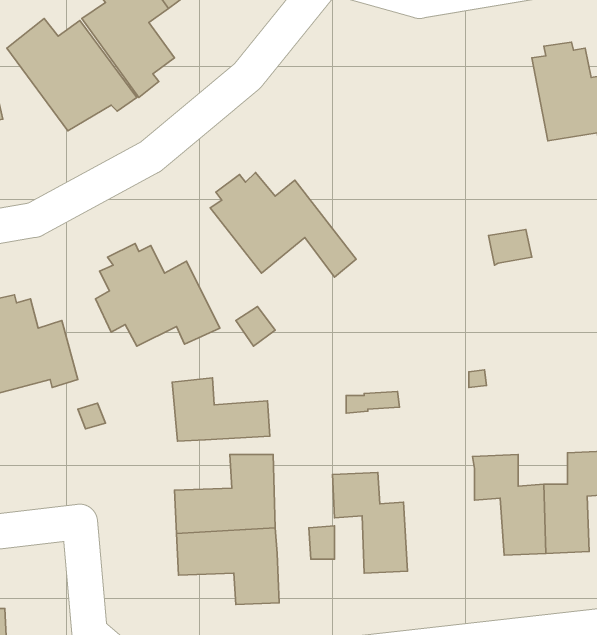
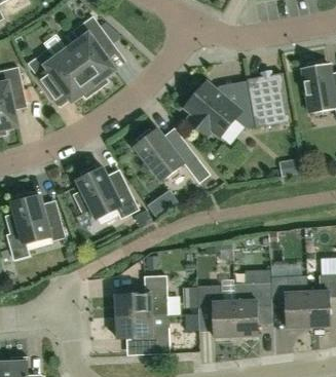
building: none -> [184,71,289,136]
building: [172,378,270,441] -> none
building: none -> [233,282,271,336]

